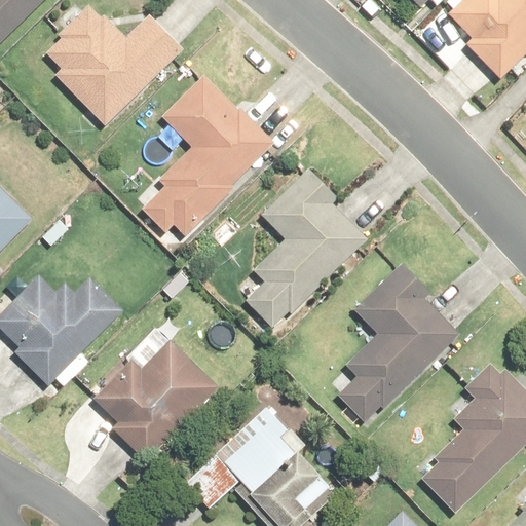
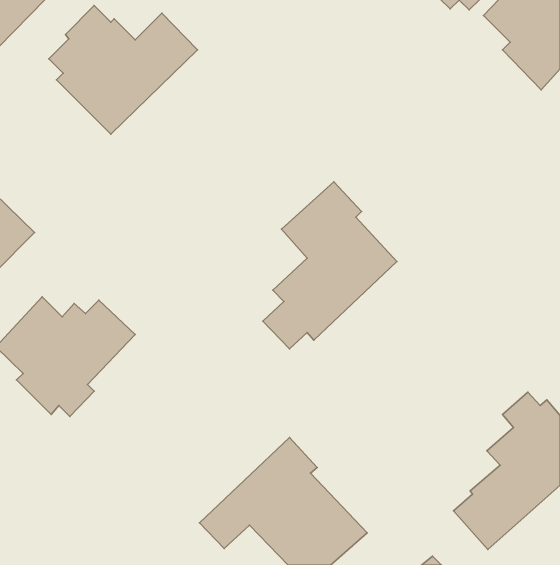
building: [141,75,273,235] -> none
building: [334,263,460,422] -> none
building: [93,341,219,461] -> none

